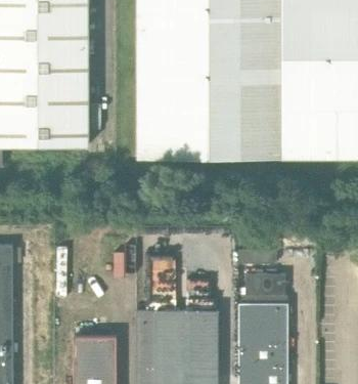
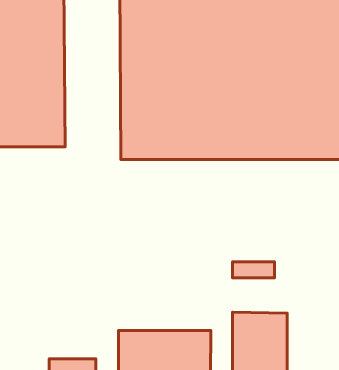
building: [244,273,285,294] -> none

